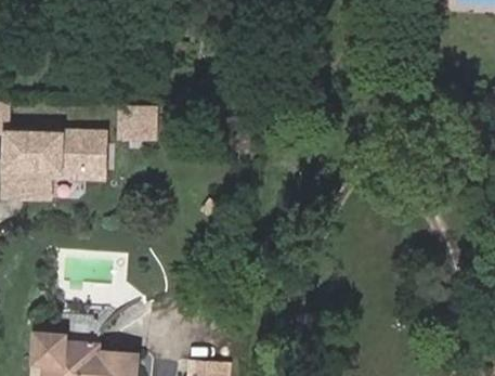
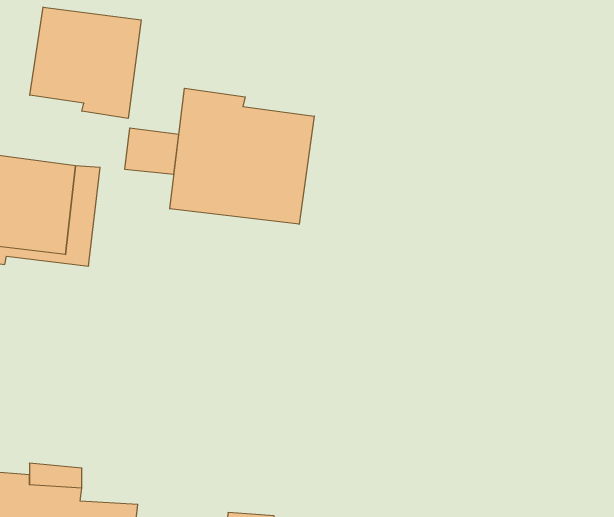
building: none -> [30,7,141,118]
building: none -> [170,88,314,224]

